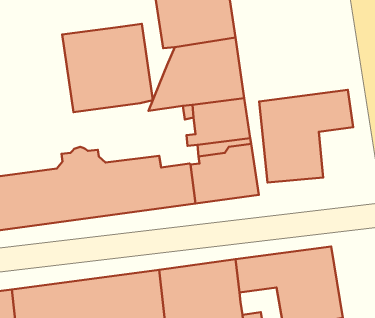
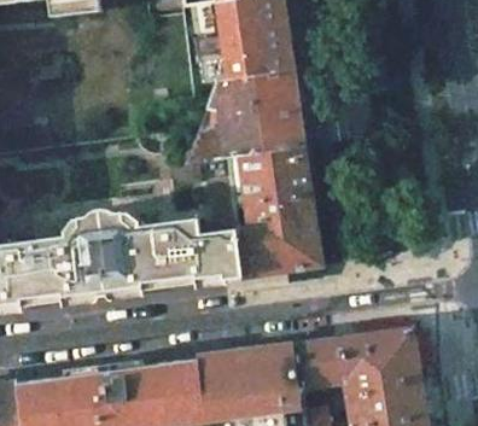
building: [62,24,153,112] -> none
building: [259,90,353,183] -> none

